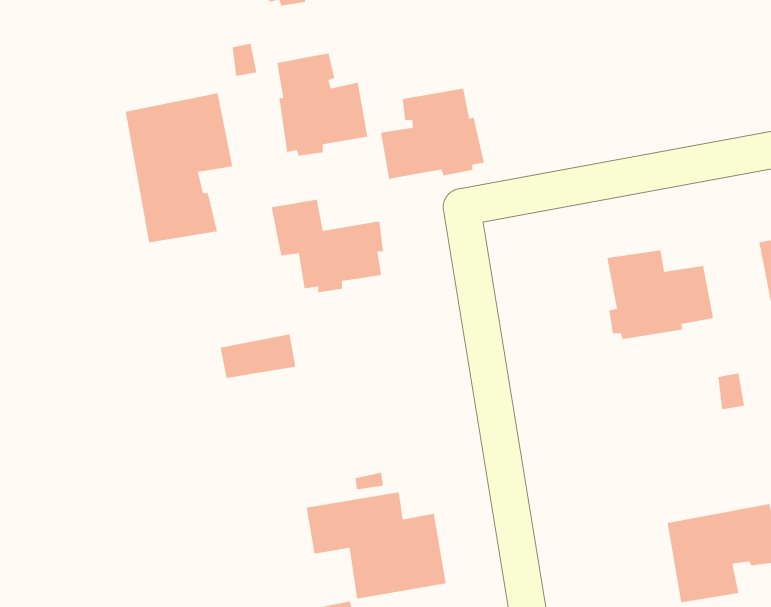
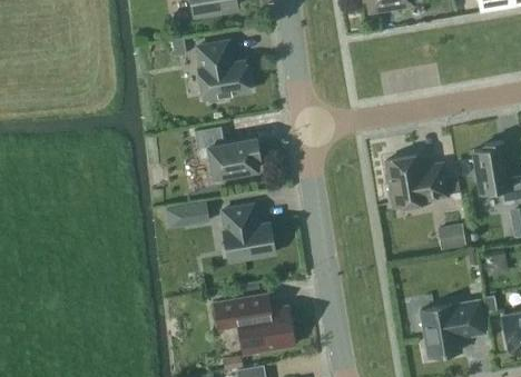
building: [380,88,484,179] -> none
building: [125,93,233,243] -> none
building: none -> [222,206,275,262]

